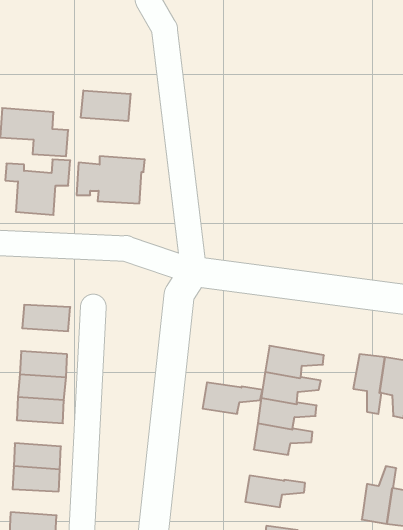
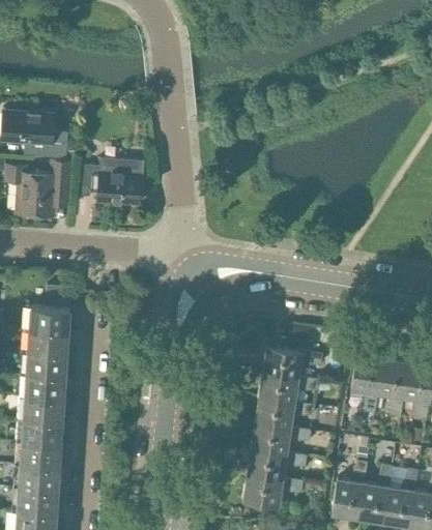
building: [81,90,131,121] -> none
building: none -> [22,329,68,355]
building: [203,382,262,414] -> [248,449,307,480]
building: none -> [16,420,63,446]
building: none -> [332,462,368,519]
building: none -> [11,489,59,514]

